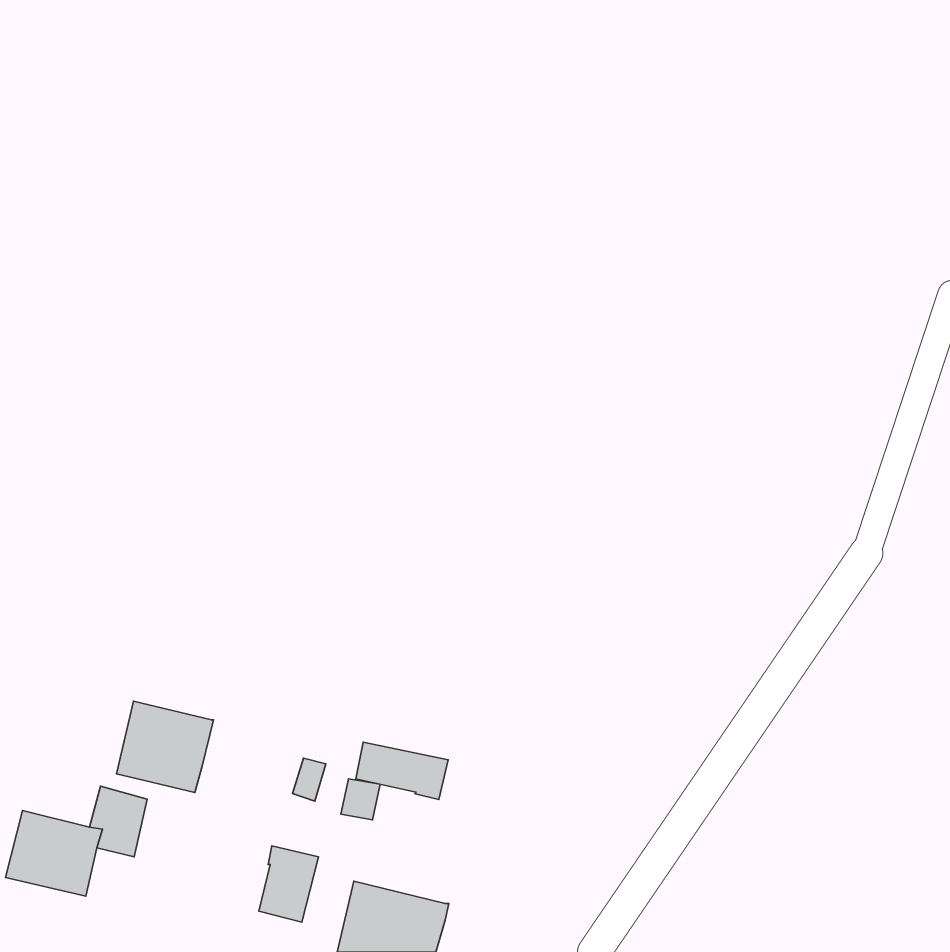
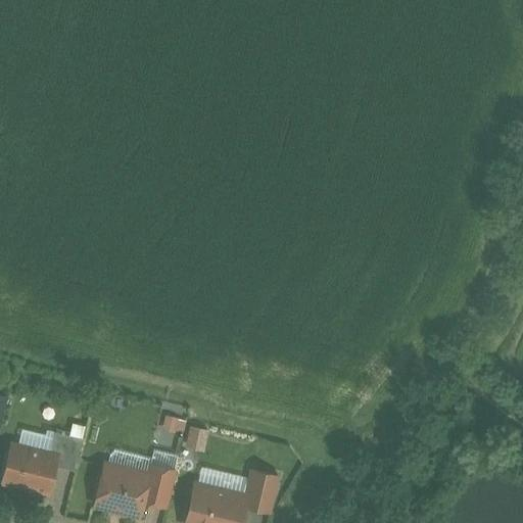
building: [117,701,213,792] -> [96,464,149,514]
building: [356,742,448,800] -> none
building: none -> [245,469,279,511]

